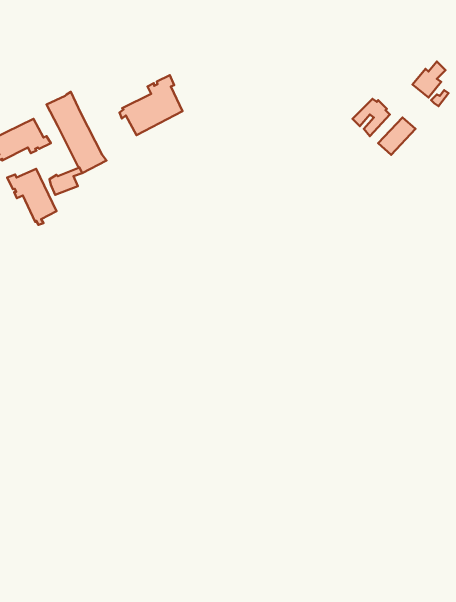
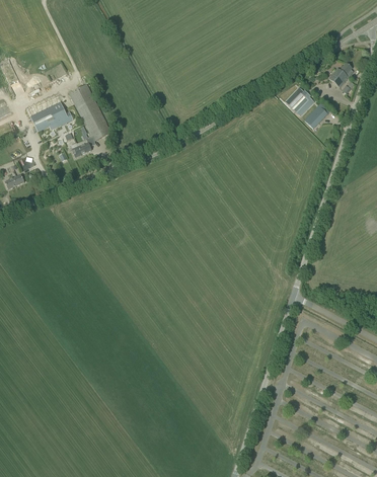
building: [119,75,182,135] -> none
building: [7,169,57,225] -> none

